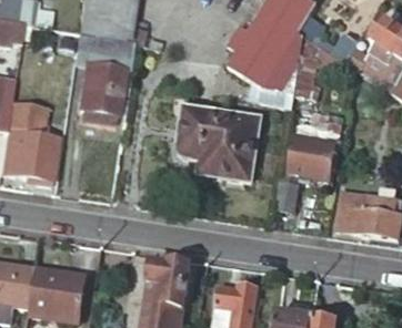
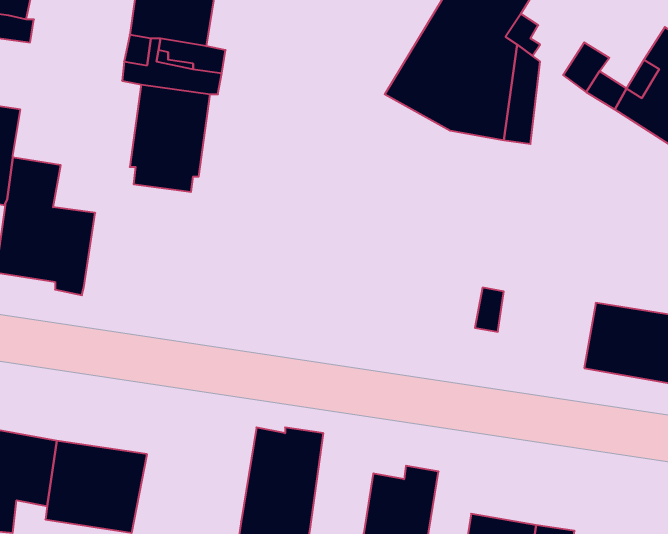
building: [181,105,262,178] -> none
building: [290,120,342,176] -> none

